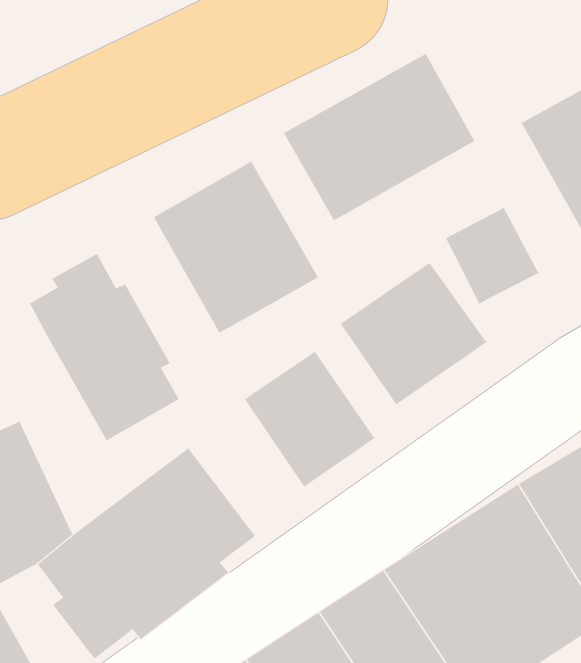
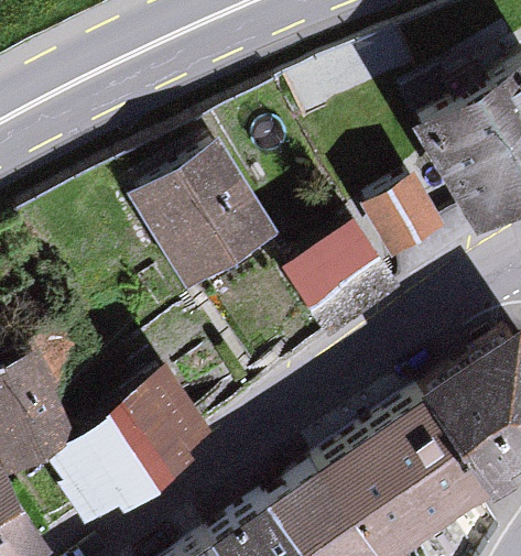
building: [283,53,475,221] -> none
building: [29,253,180,441] -> none
building: [244,351,375,488] -> none

